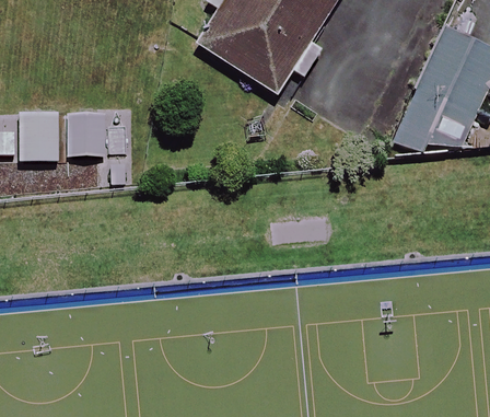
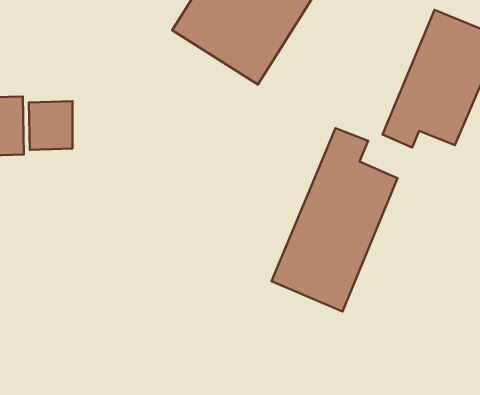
building: none -> [271,128,397,312]

